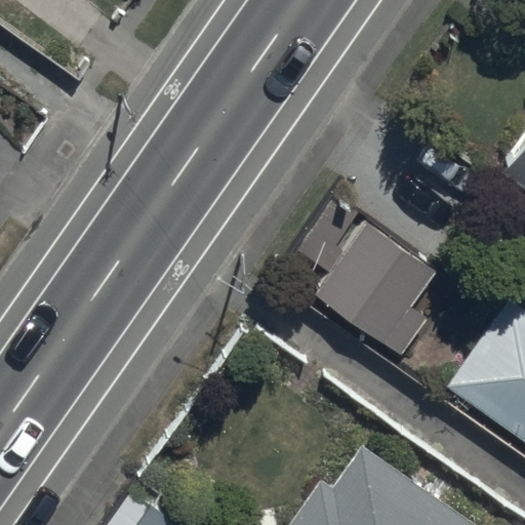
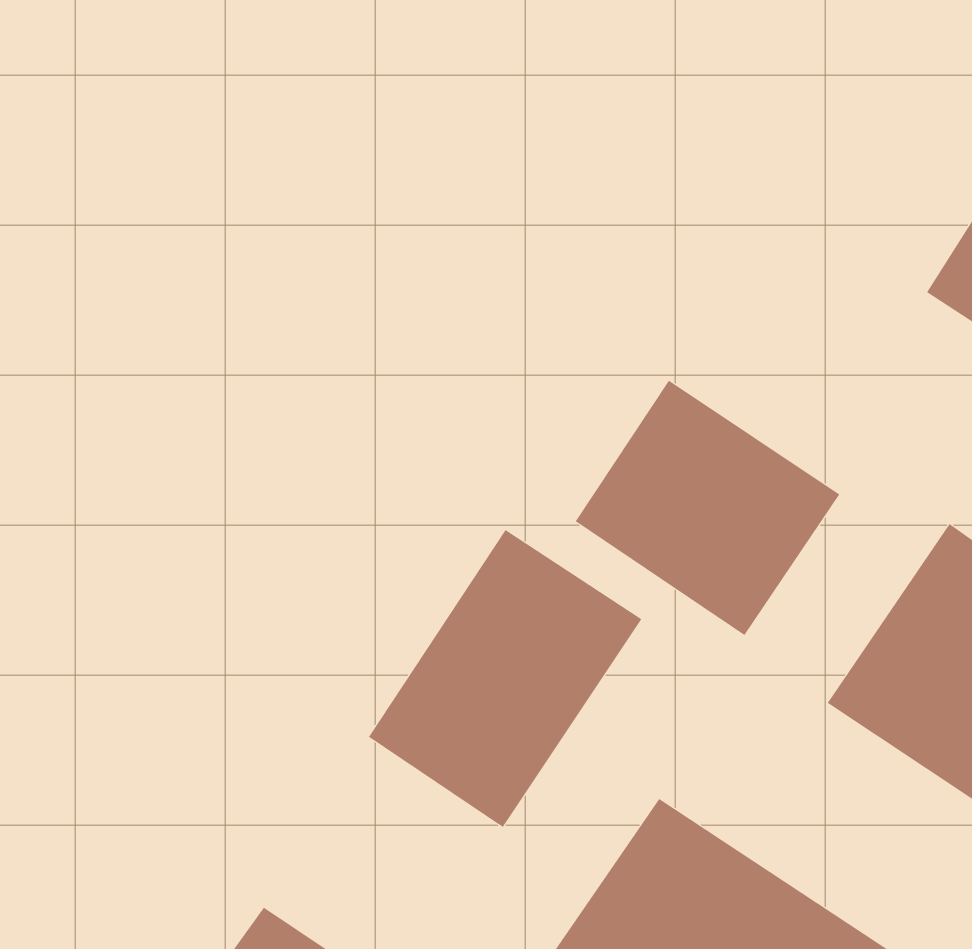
building: none -> [368,529,642,828]

